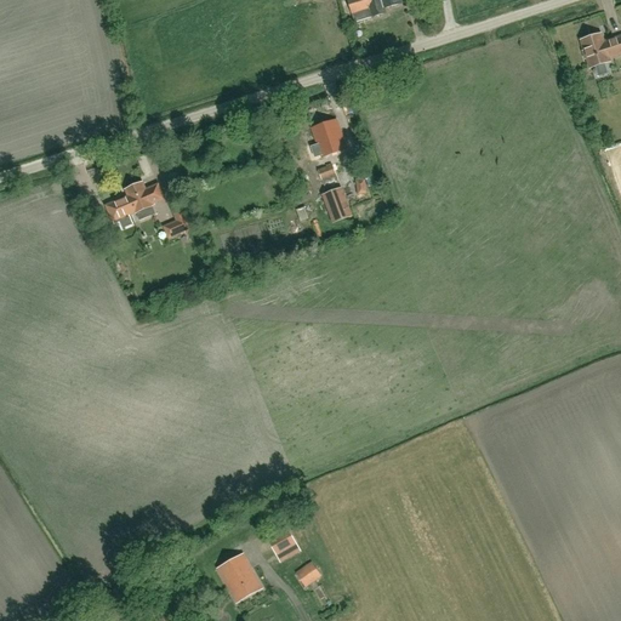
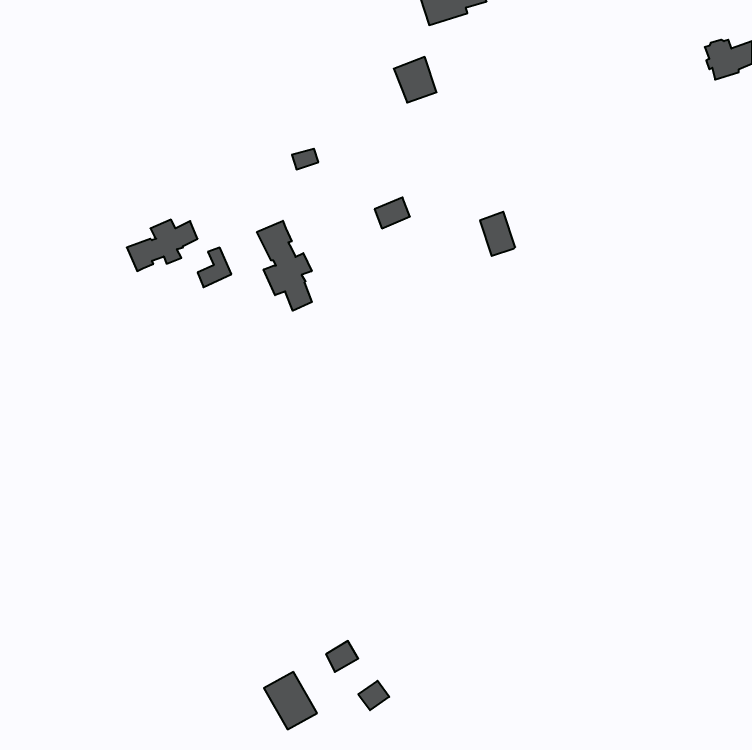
building: [310,118,346,155] -> [394,57,437,103]
building: none -> [257,221,312,311]
building: [325,184,354,221] -> [480,212,515,256]

